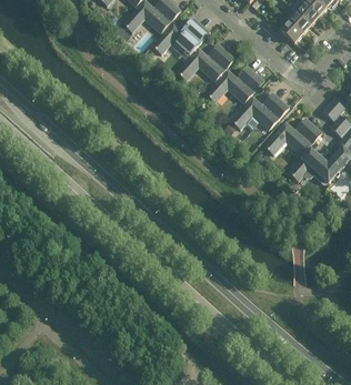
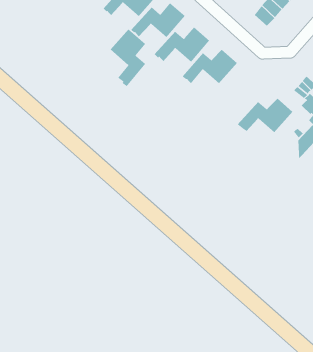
building: none -> [110,29,146,87]
building: [231,92,289,129] -> none
building: [288,148,328,182] -> none

